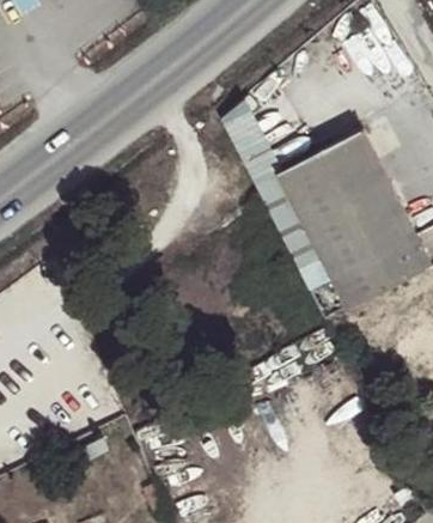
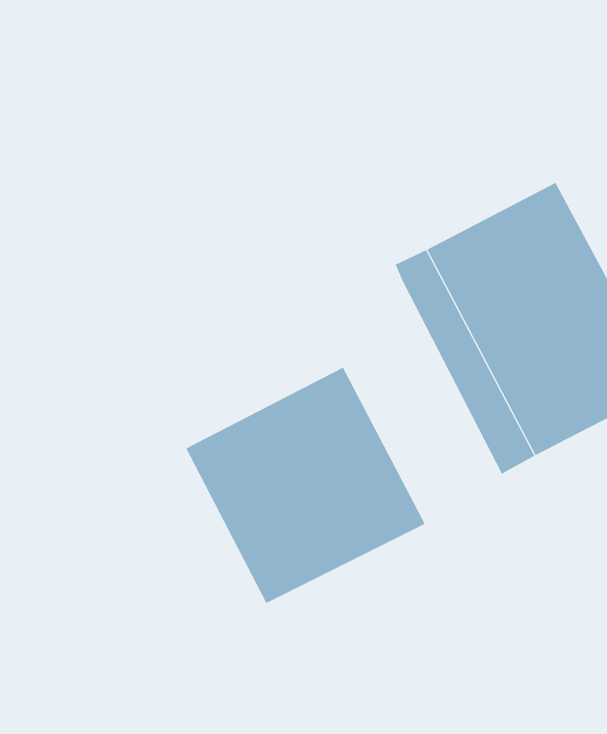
building: none -> [186,367,425,604]

